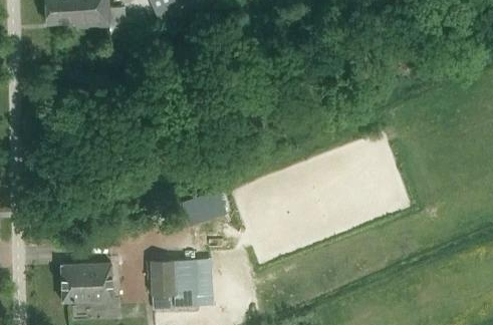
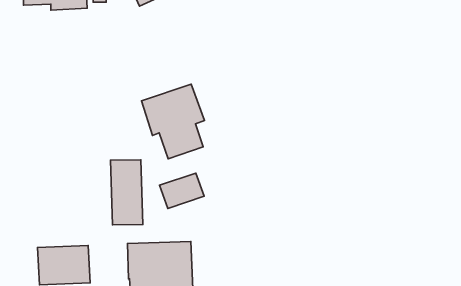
building: none -> [141,84,204,159]
building: none -> [111,160,143,225]

